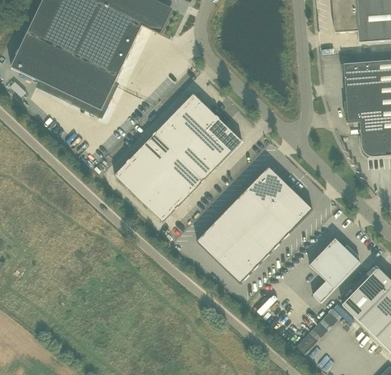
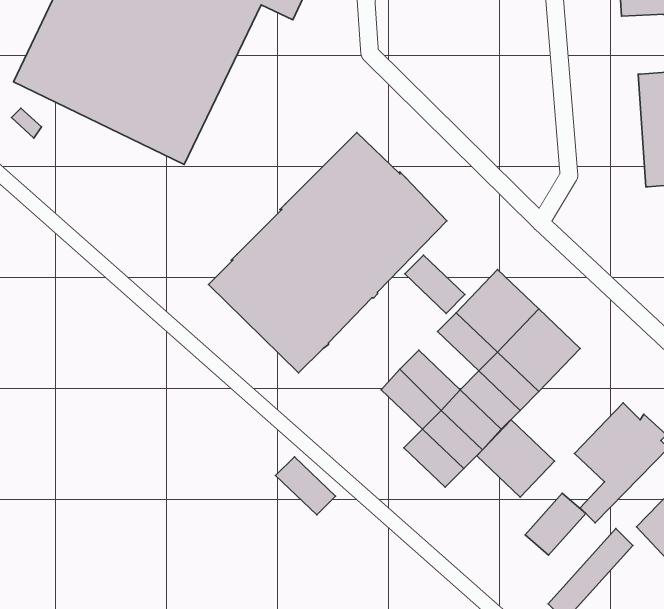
building: [226,199,258,230] -> [405,255,465,313]
building: [196,230,228,261] -> [276,457,336,515]
building: none -> [477,420,554,497]
building: none -> [525,493,586,555]

